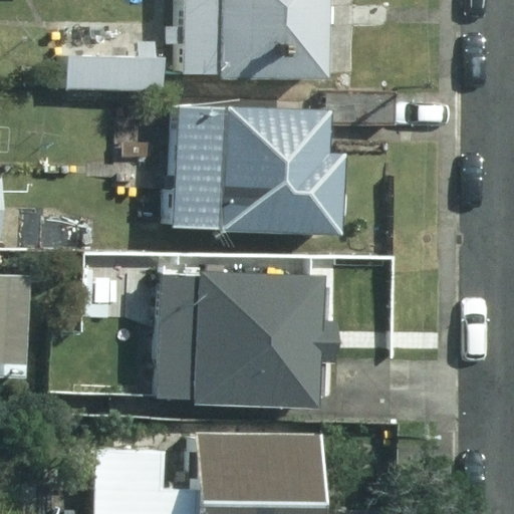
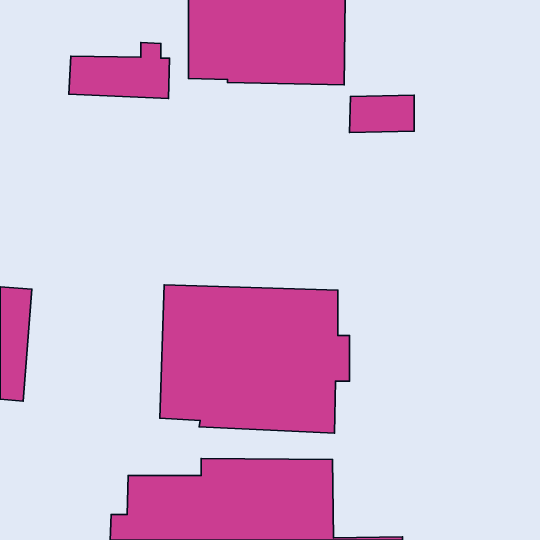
building: [169,105,343,234] -> none

